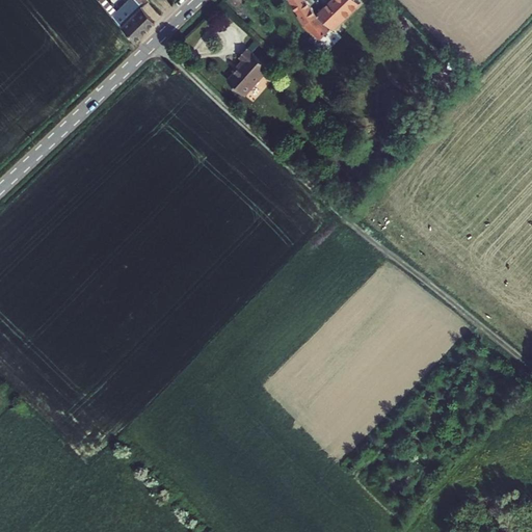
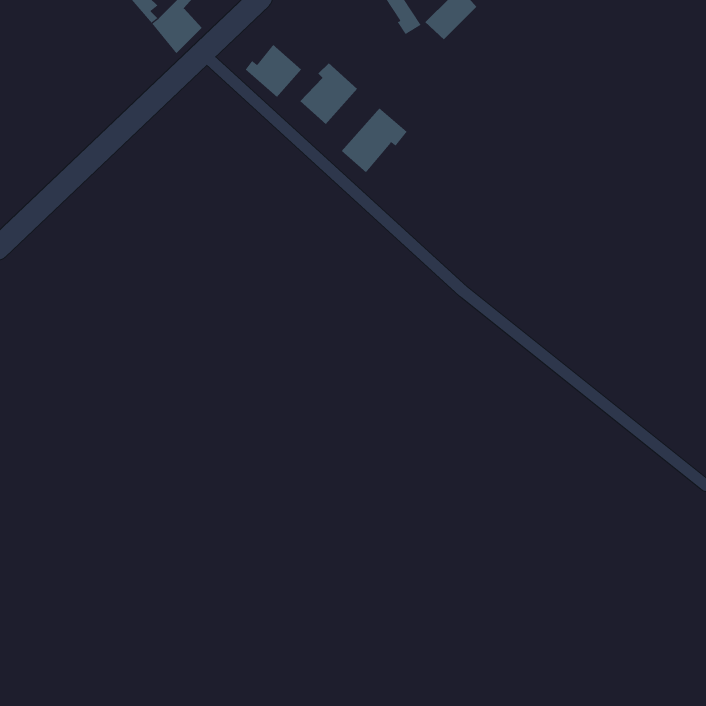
building: none -> [245,44,302,98]
building: none -> [341,108,407,173]

